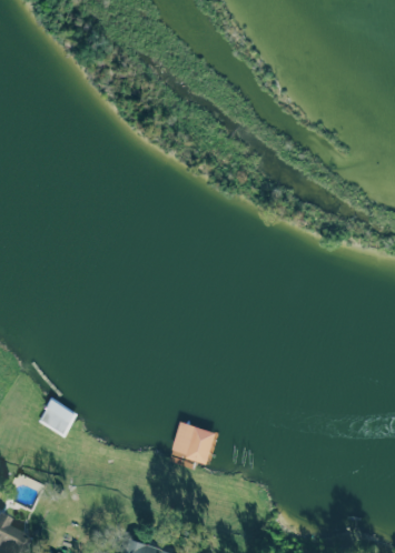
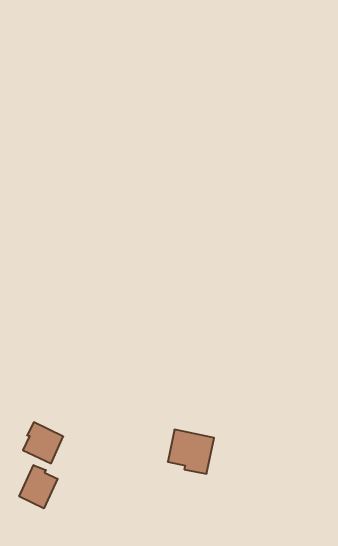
building: none -> [19,465,58,508]

